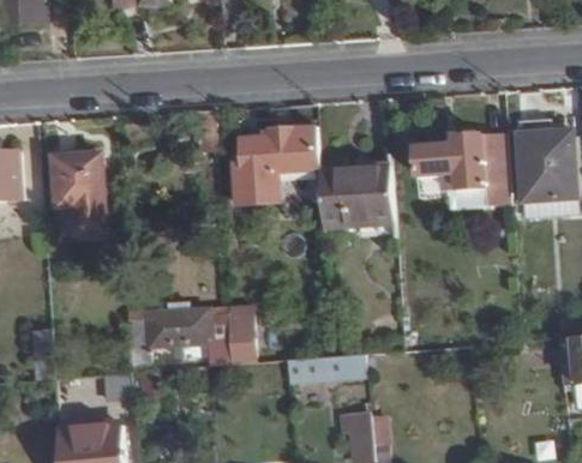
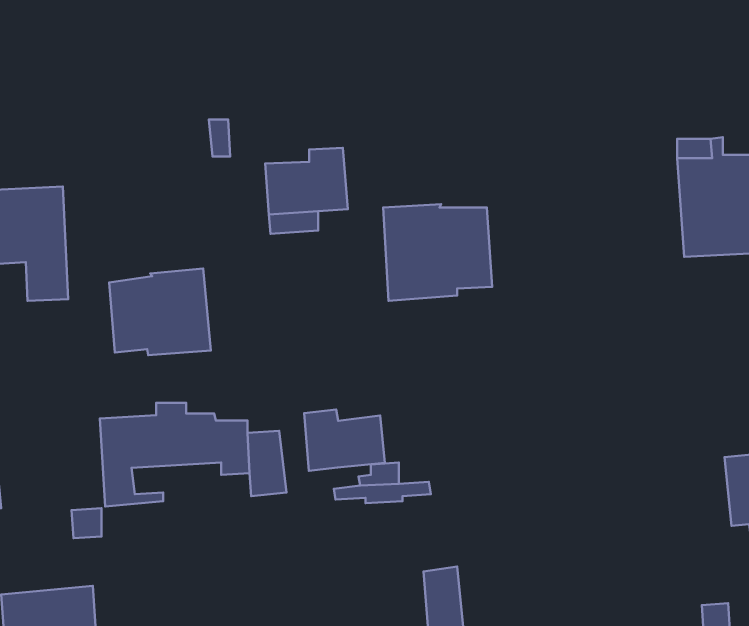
building: [414,133,509,208] -> none
building: none -> [109,269,211,355]
building: none -> [304,409,385,471]

